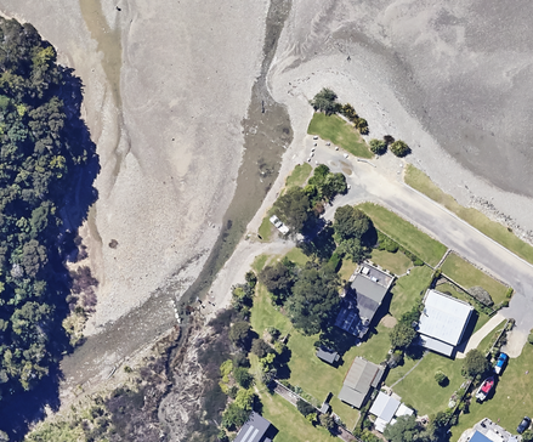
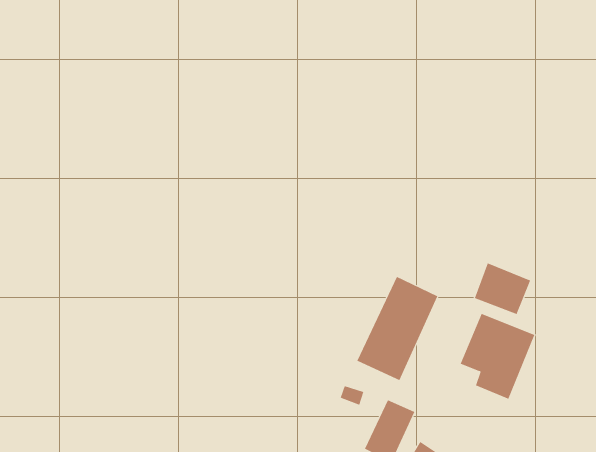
building: none -> [474,263,531,315]

